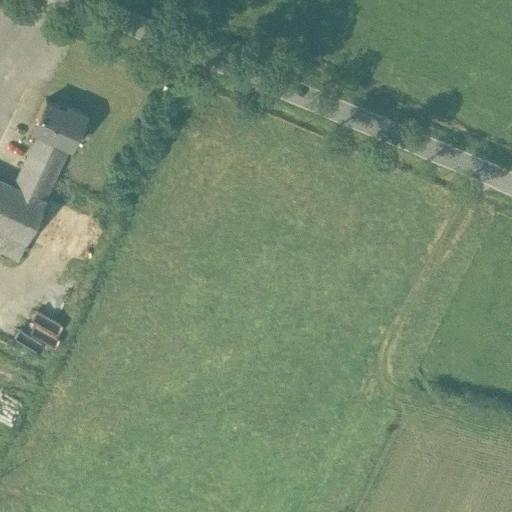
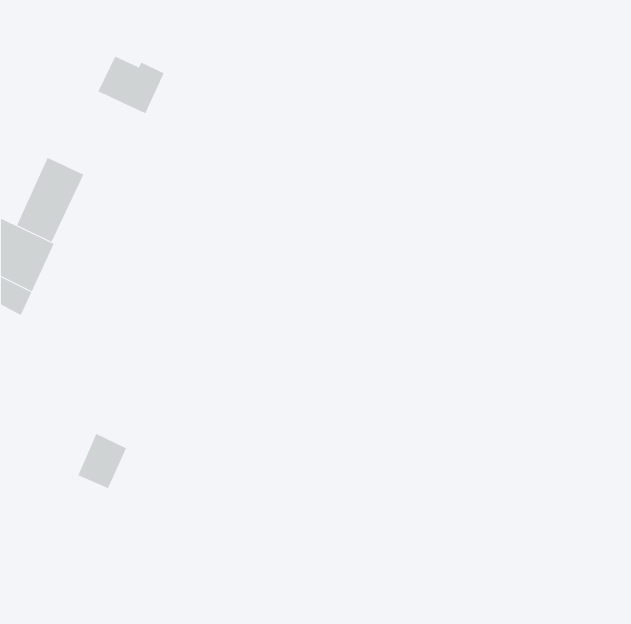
building: [32,102,86,149] -> [98,56,164,114]
building: [23,312,63,357] -> [77,433,127,489]

